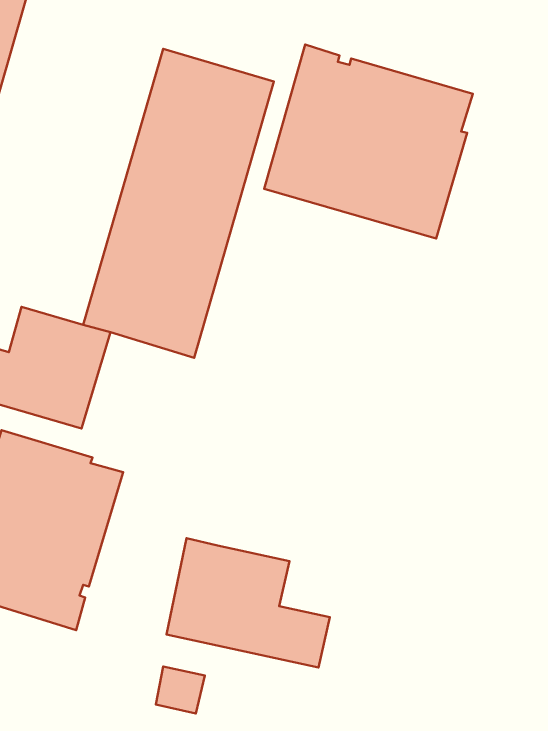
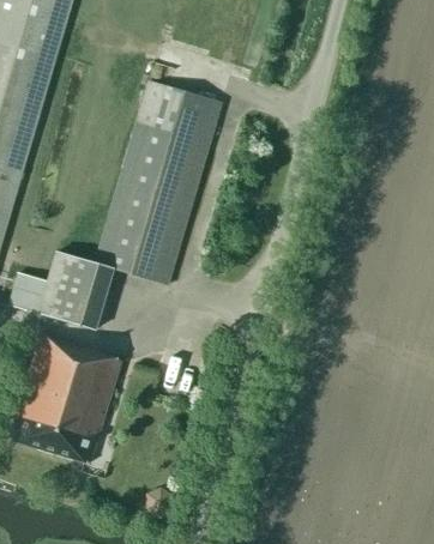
building: [264,44,473,239] -> none
building: [167,538,330,667] -> none

